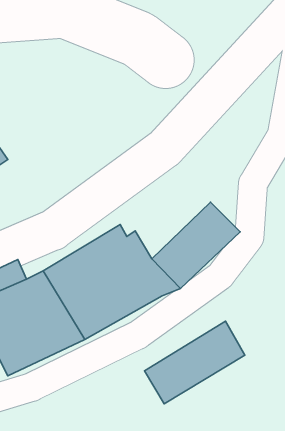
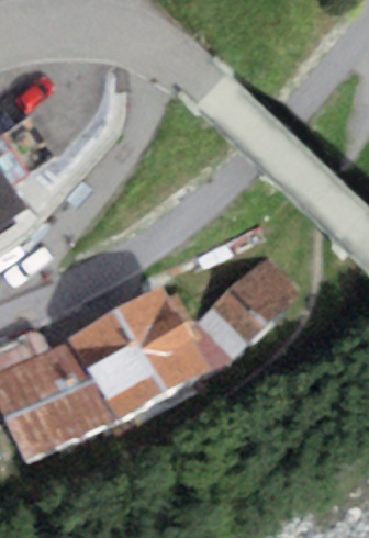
building: [144,321,245,404] -> none

